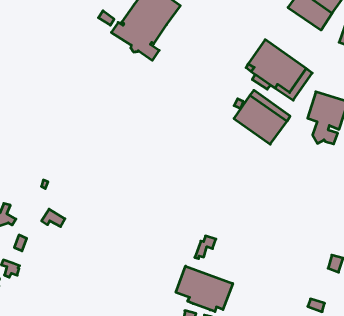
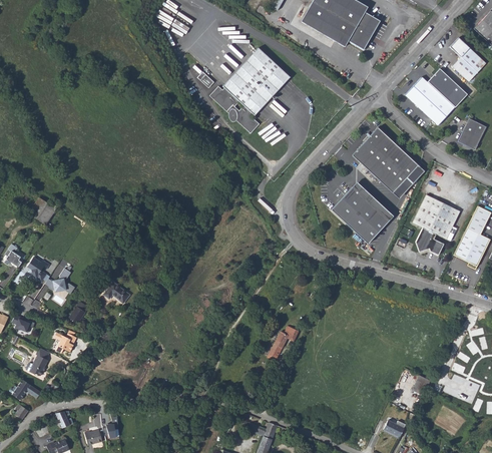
building: [176,266,233,312] -> none

